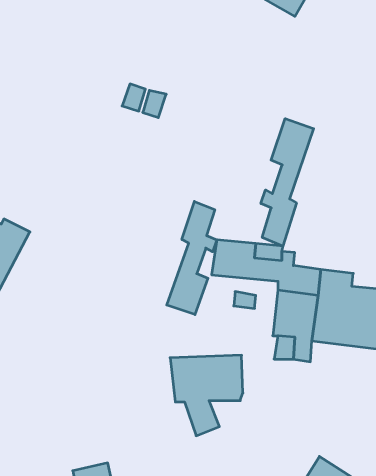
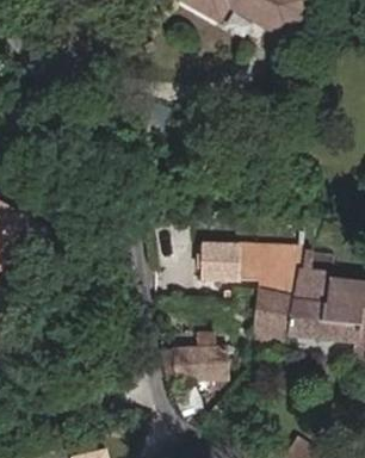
building: [261,119,314,246] -> none
building: [167,201,217,315] -> none

